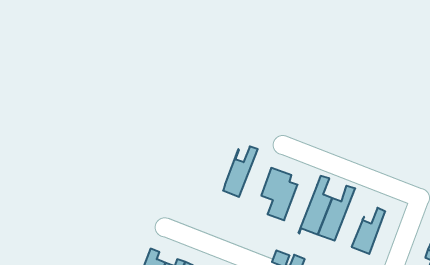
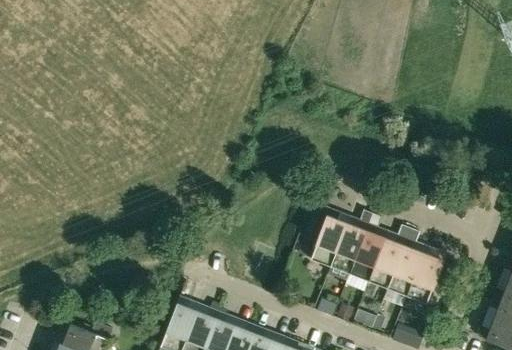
building: [223,146,258,197] -> [329,221,368,278]
building: none -> [384,228,423,307]

